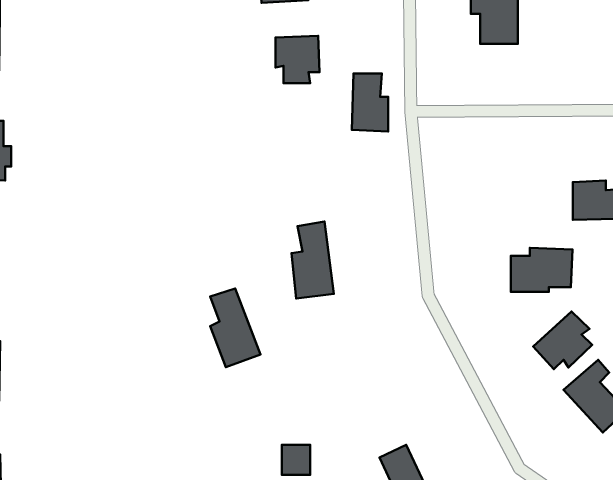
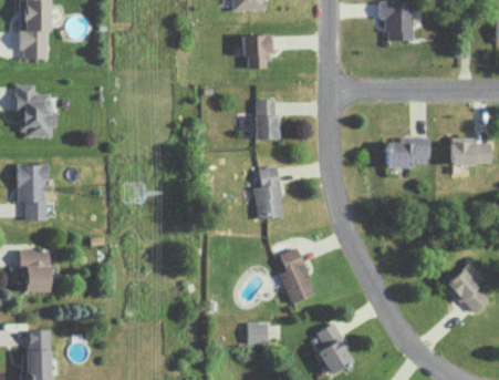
building: [352,73,388,132] -> [254,99,280,140]
building: [511,248,572,292] -> [386,136,429,167]
building: [210,288,260,367] -> [279,247,314,302]
building: [533,311,592,369] -> none

